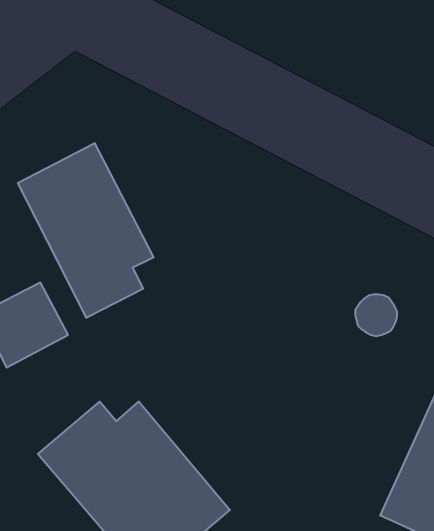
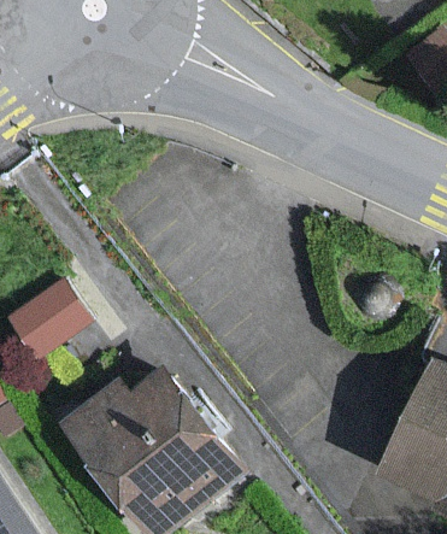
building: [18,143,154,318] -> none

